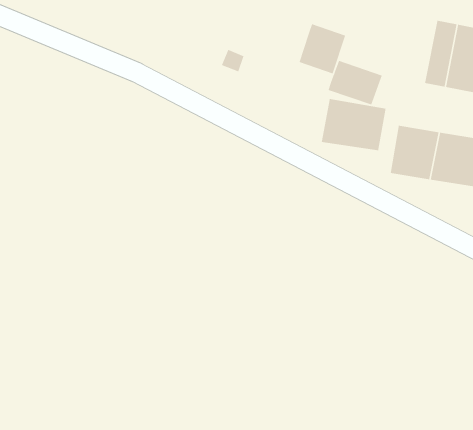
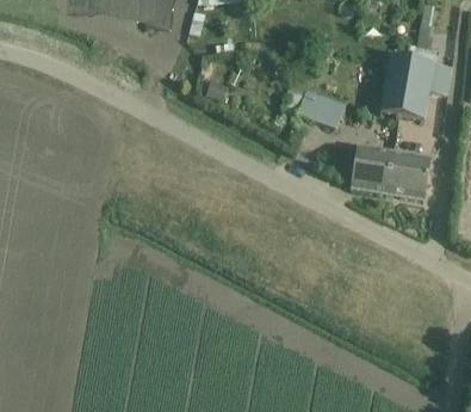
building: [298,23,346,74] -> none
building: [321,98,387,151] -> none

